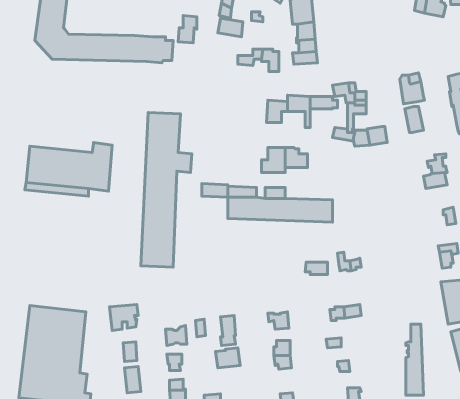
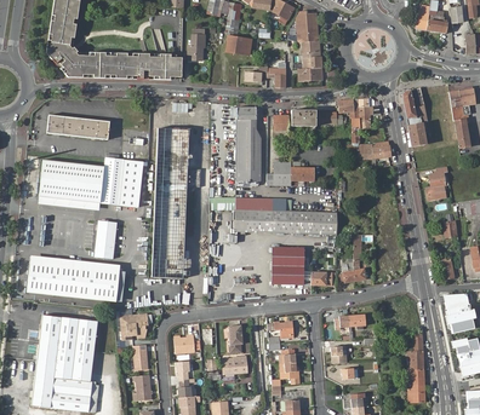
building: none -> [235,106,262,180]
building: none -> [46,114,108,138]
building: none -> [119,158,142,204]
building: none -> [95,219,118,258]
building: none -> [272,247,305,283]
building: none -> [27,254,120,301]

